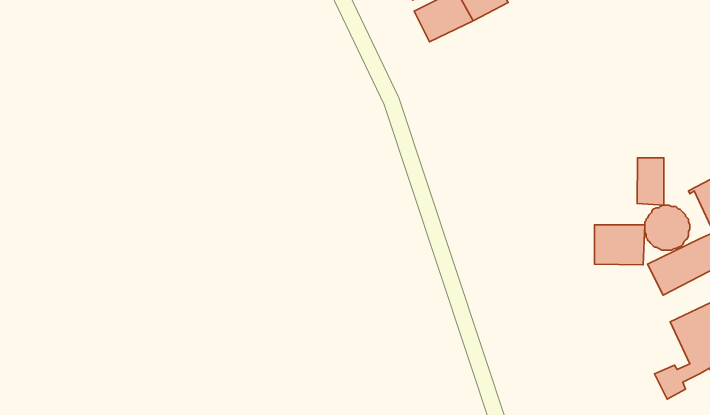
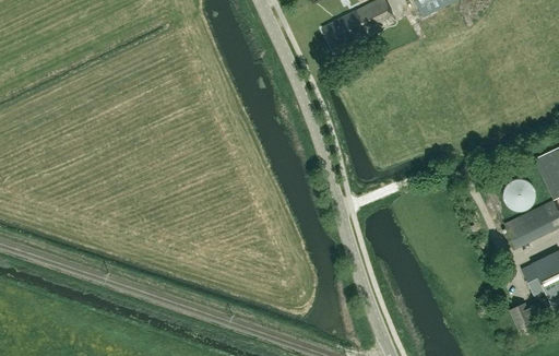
building: [637,158,664,205] -> none
building: [594,225,645,265] -> none

